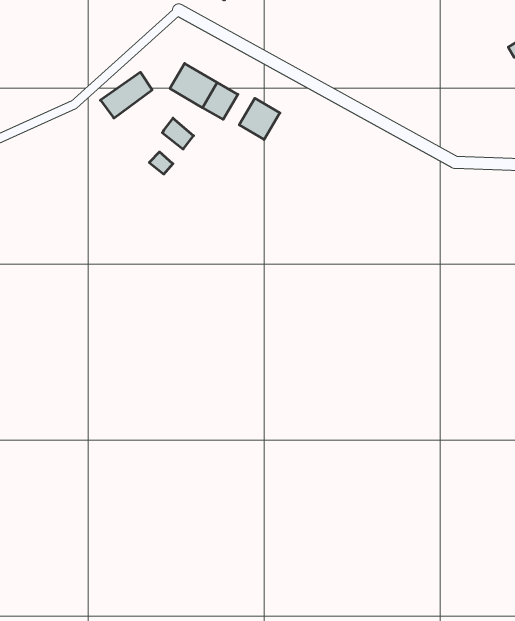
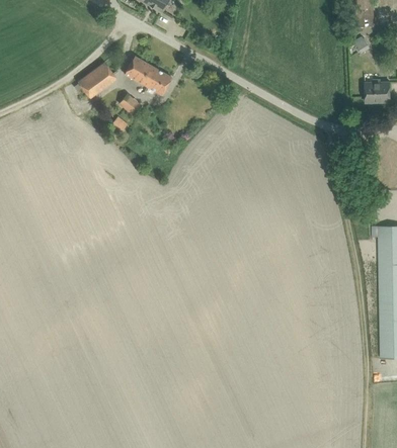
building: [239,98,280,140] -> none

